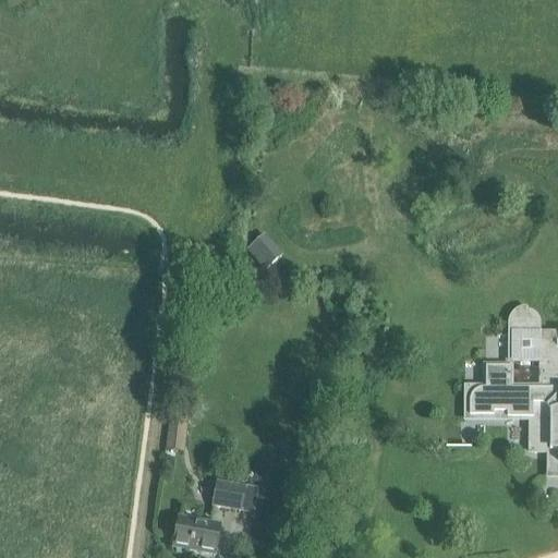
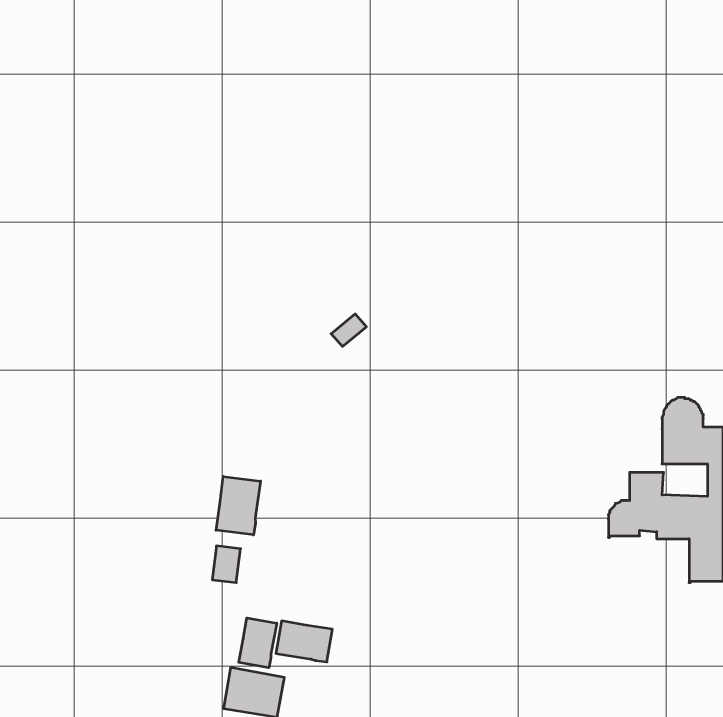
building: none -> [216,476,261,535]
building: none -> [239,618,277,668]

